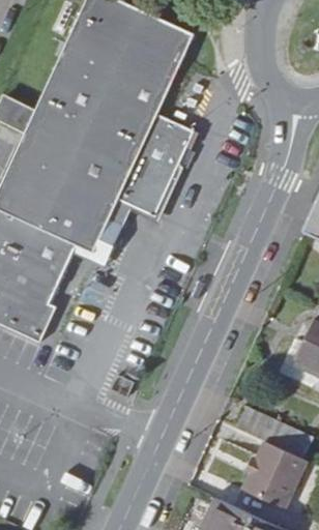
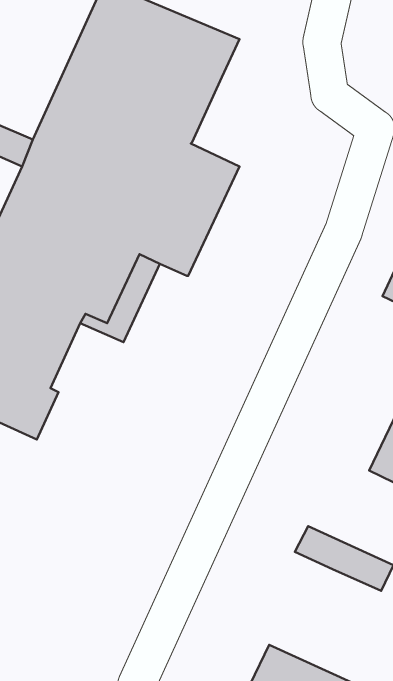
building: [242,440,307,506] -> none

